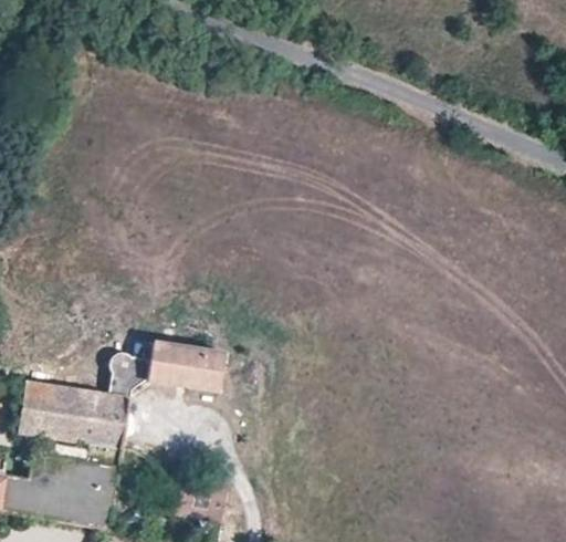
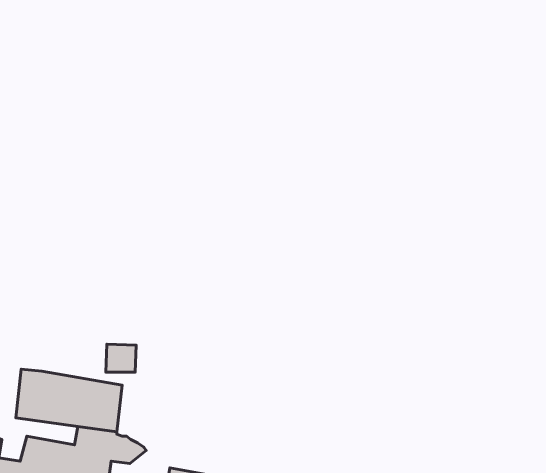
building: [145,340,221,388] -> none

